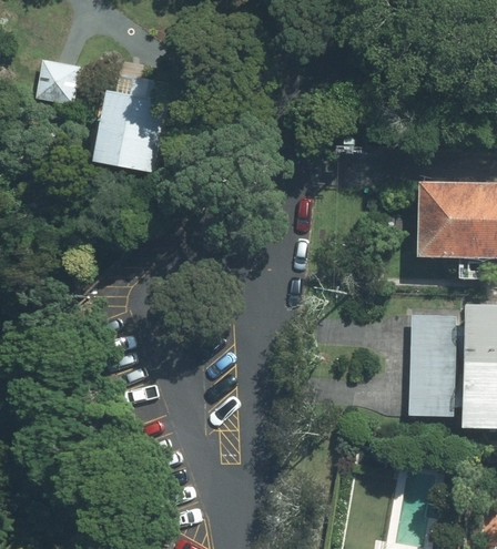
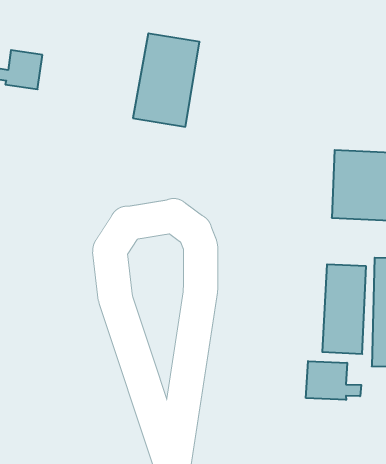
building: [91,74,169,183] -> [133,33,200,127]
building: none -> [306,361,361,400]

